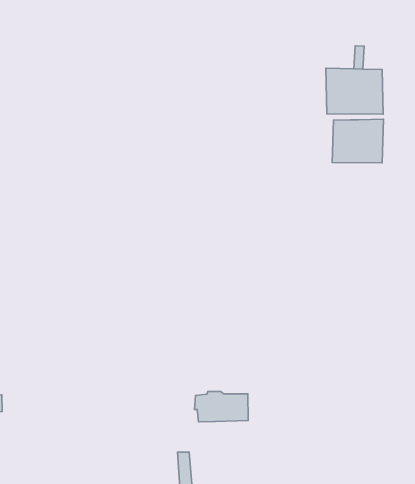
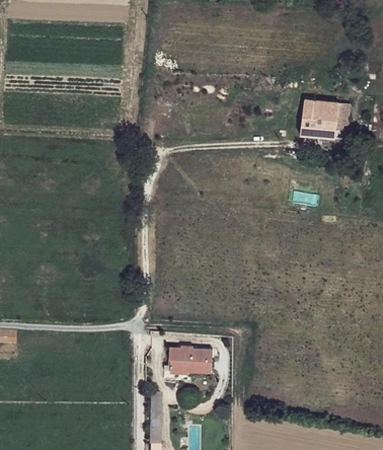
building: [332,119,384,163] -> none

